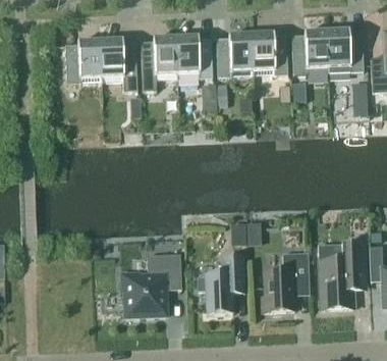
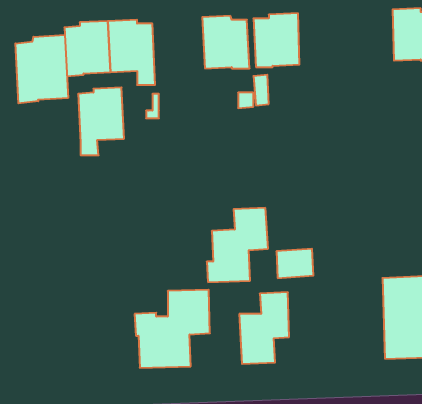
building: [290,31,327,73] -> none
building: [251,33,287,74] -> none
building: [140,37,176,91] -> [78,87,124,155]
building: none -> [15,35,68,103]
building: [260,252,309,311] -> [207,208,268,282]

